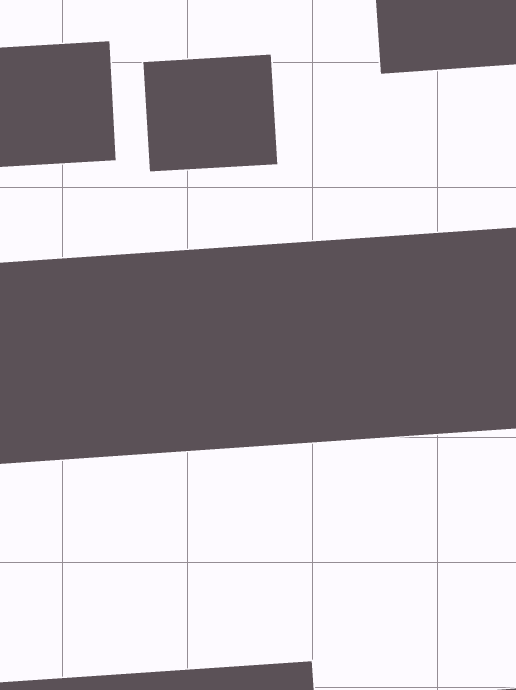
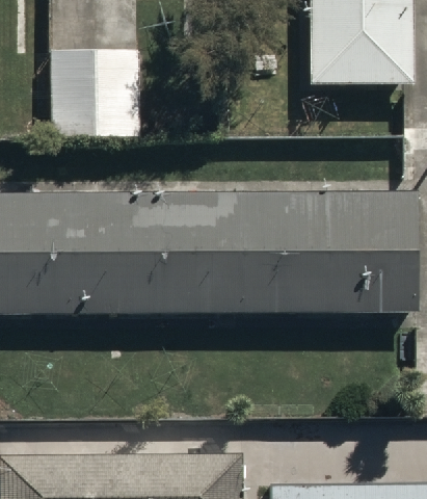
building: [143,54,278,172] -> none

